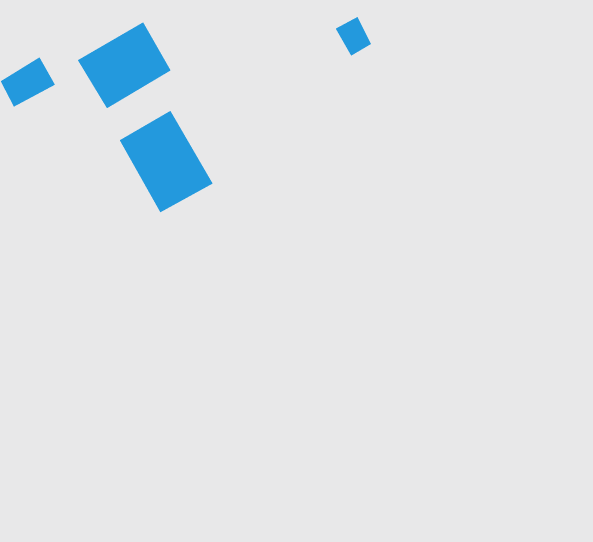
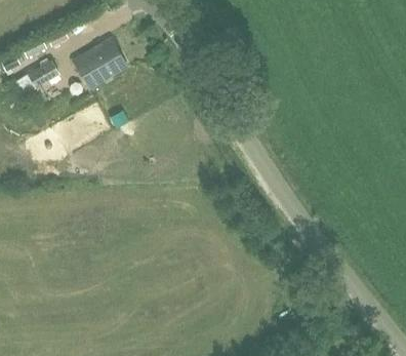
building: [119,110,213,213] -> none

